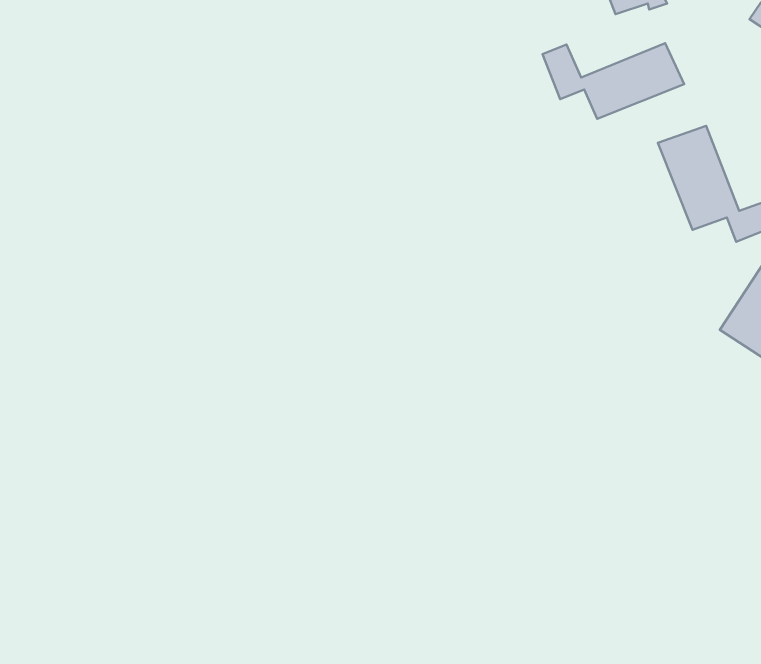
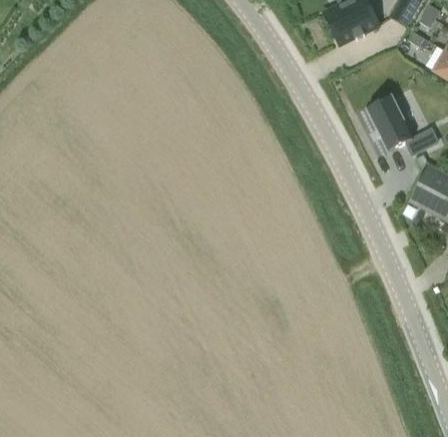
building: [543,43,684,119] -> none

